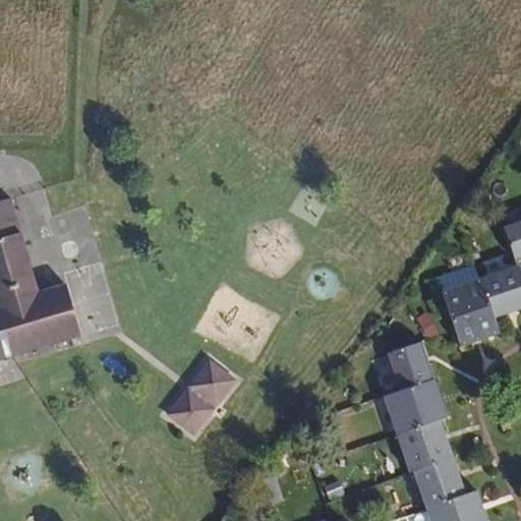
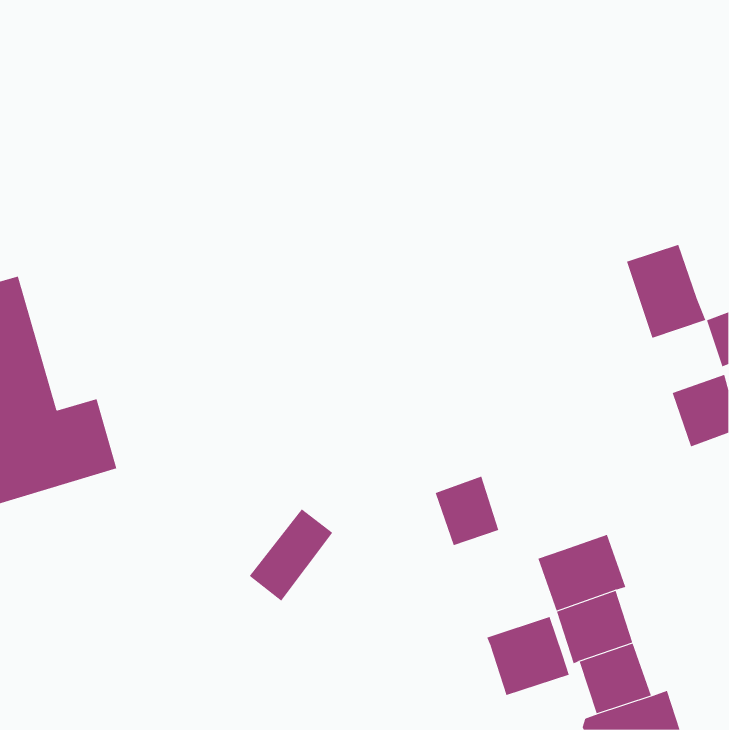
building: [441,280,498,347] -> [626,244,706,339]
building: [387,342,432,392] -> [435,476,499,546]
building: none -> [487,616,570,696]

